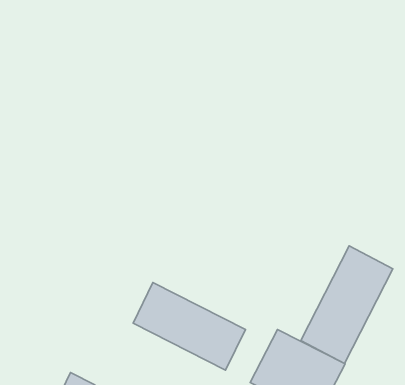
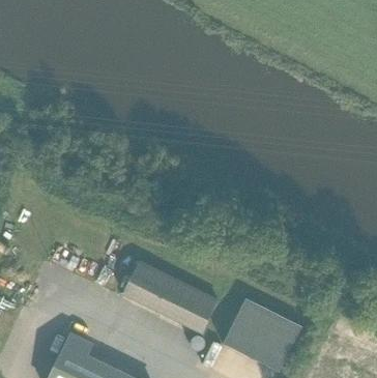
building: [301,246,393,364] -> none

